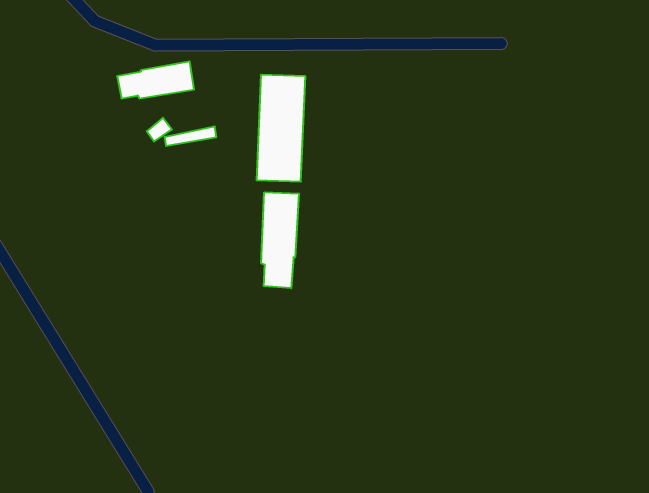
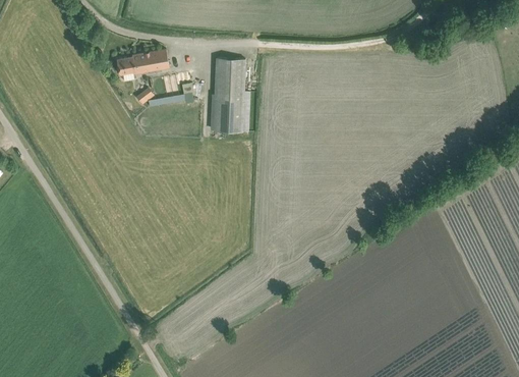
building: [261,192,299,288] -> none

